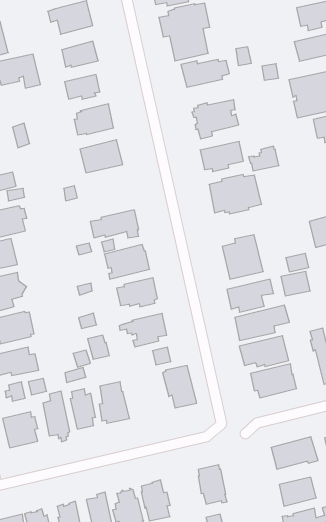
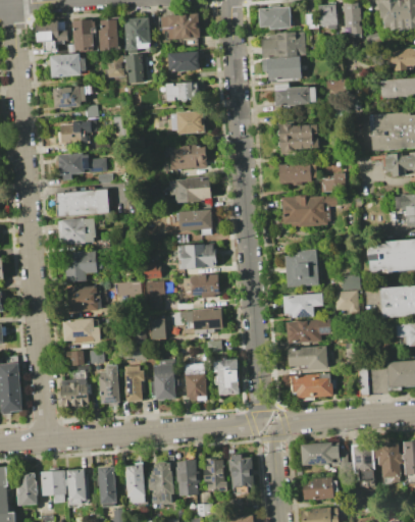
building: none -> [123,17,150,51]
building: none -> [169,177,210,202]
building: none -> [184,362,209,402]
building: none -> [203,458,223,490]

